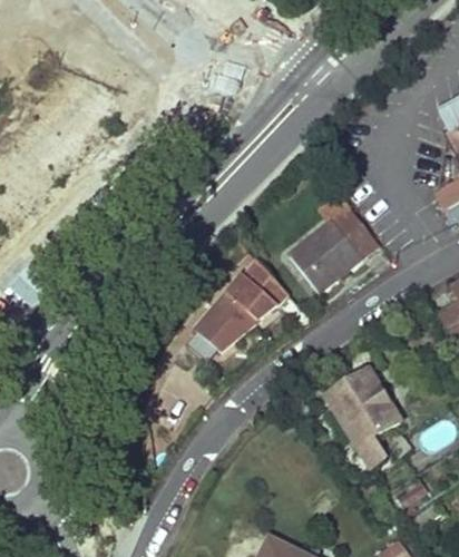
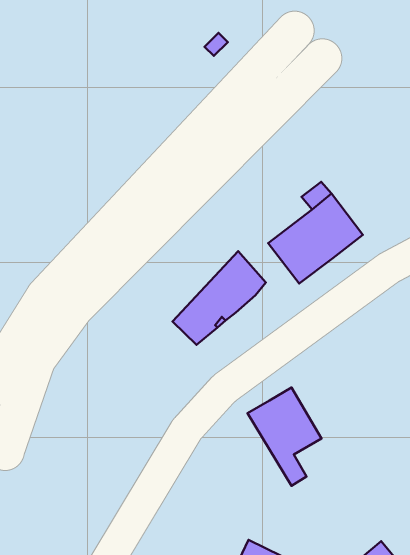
building: [328,370,399,465] -> [248,388,321,486]

